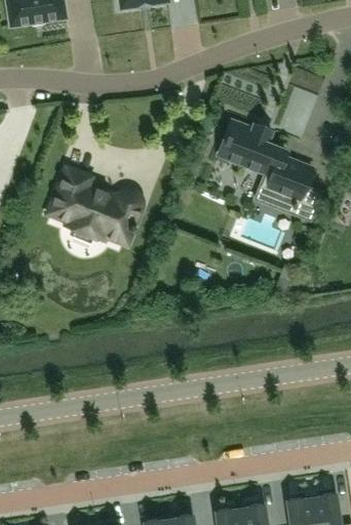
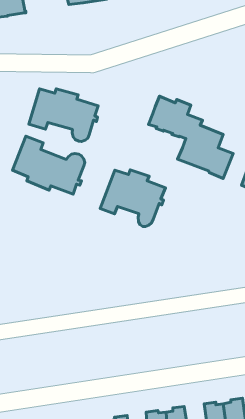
building: none -> [29,89,98,141]
building: none -> [100,170,166,226]

